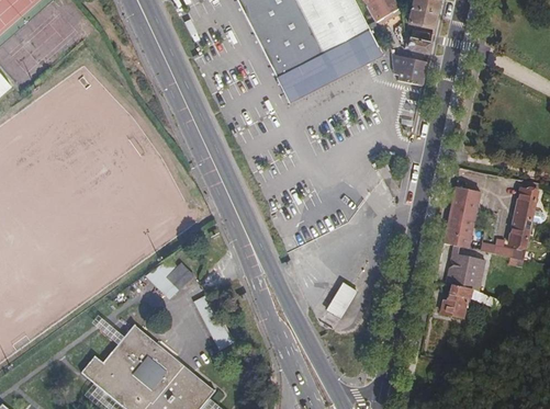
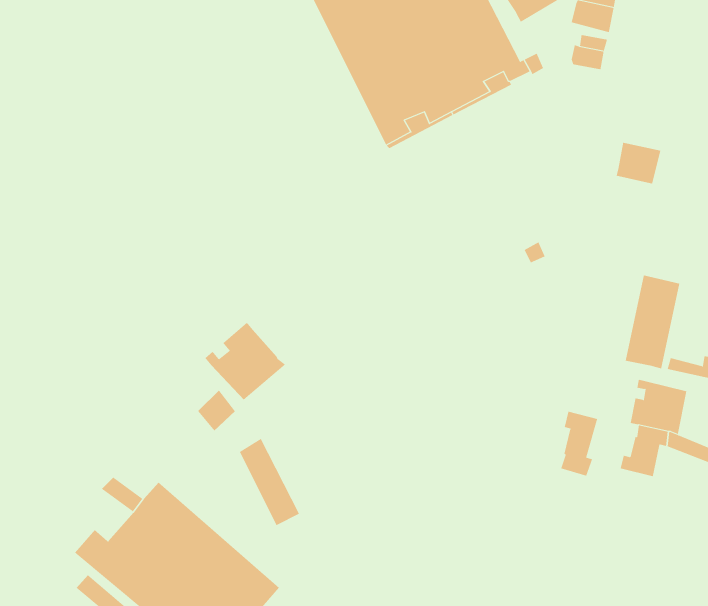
building: [397,56,427,83] -> [616,142,661,184]
building: none -> [204,322,286,400]
building: none -> [560,411,598,477]
building: [326,284,357,320] -> none

